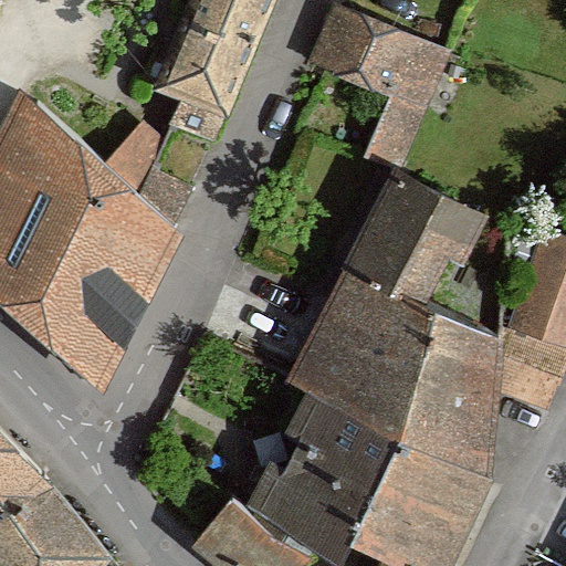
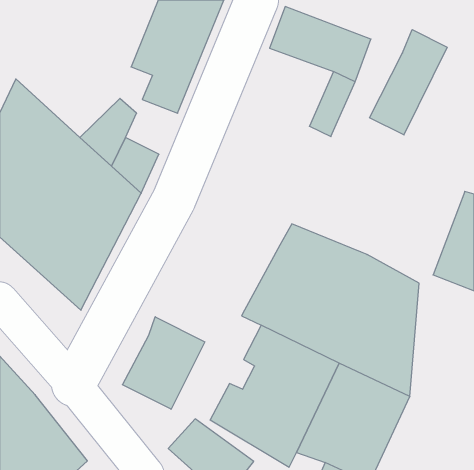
building: none -> [370,30,447,135]
building: [347,170,491,305] -> none
building: none -> [122,317,205,409]

